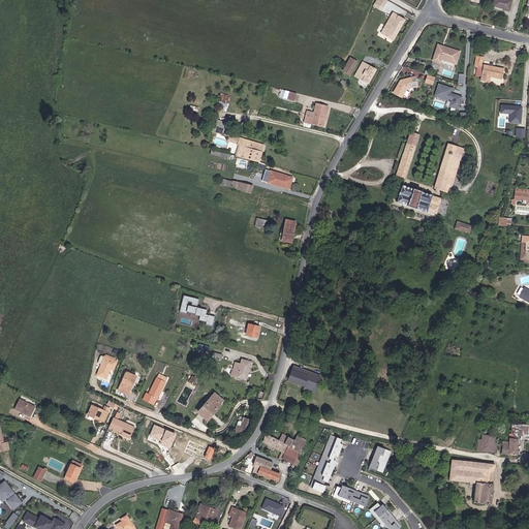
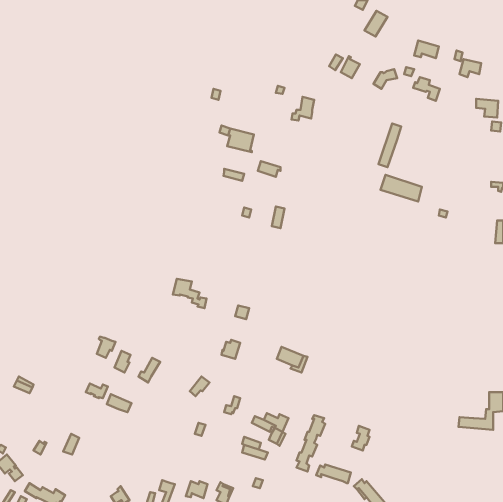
building: [435,144,470,190] -> none
building: [146,427,176,452] -> none
building: [448,460,494,502] -> none

